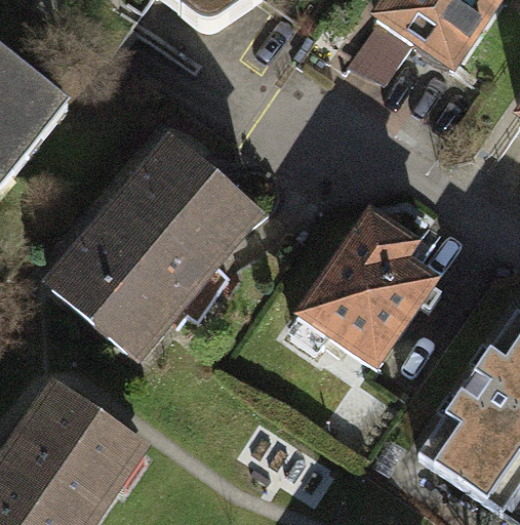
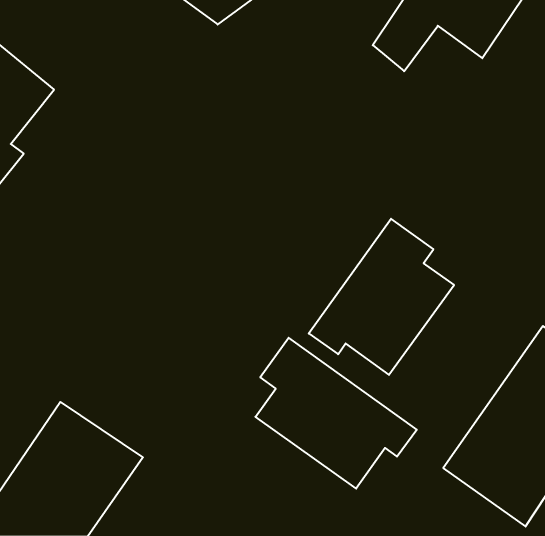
building: [57,147,253,341] -> none
building: none -> [255,338,417,489]

